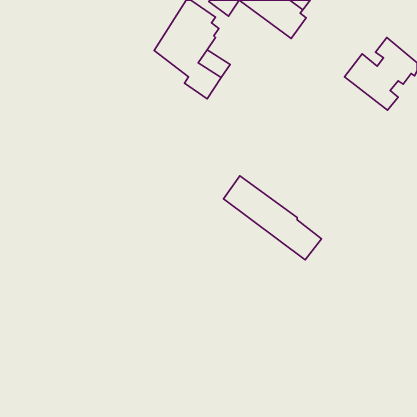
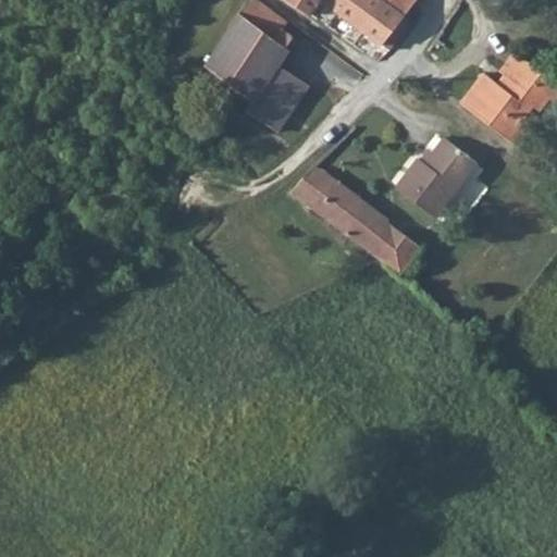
building: none -> [398,136,479,215]
building: [224,176,321,260] -> [292,163,422,275]

